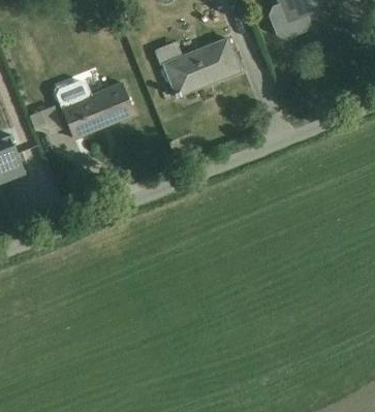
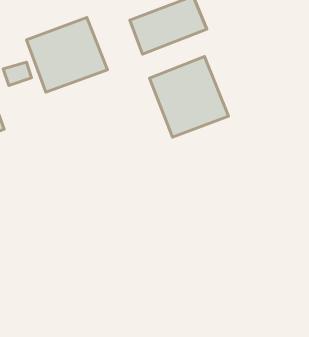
building: none -> [149,56,229,137]

